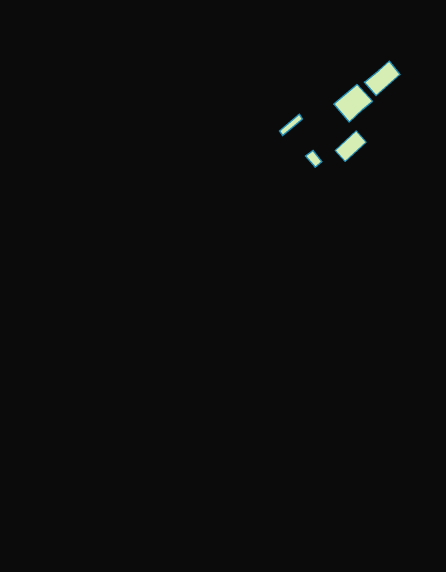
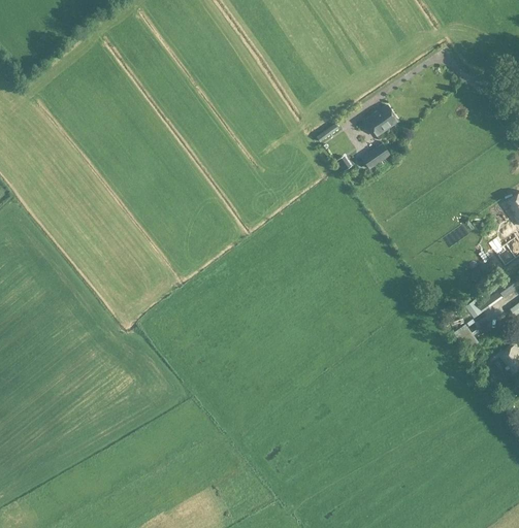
building: [364,61,400,96] -> none

